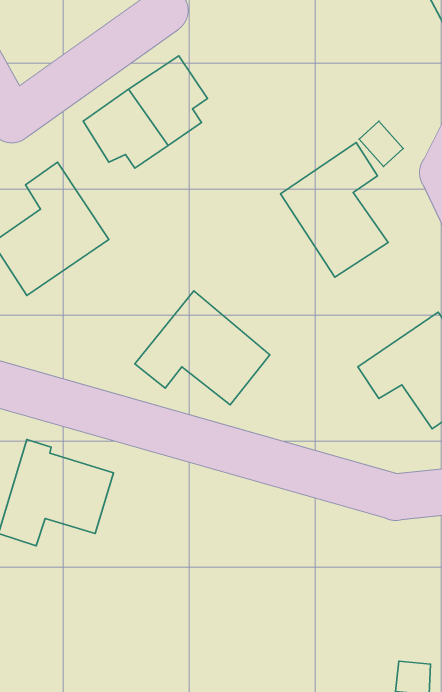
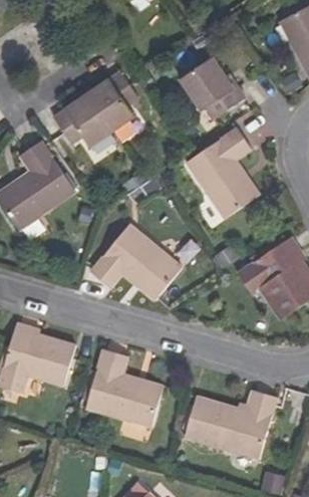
building: none -> [179,57,243,118]
building: none -> [87,348,164,426]
building: none -> [186,391,275,459]

